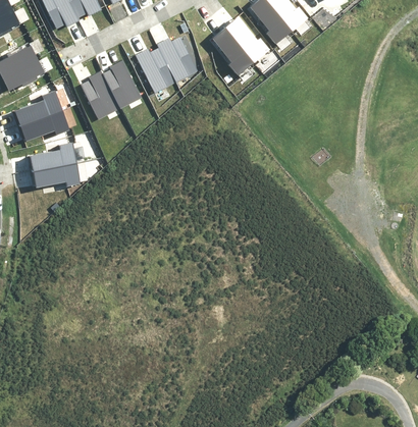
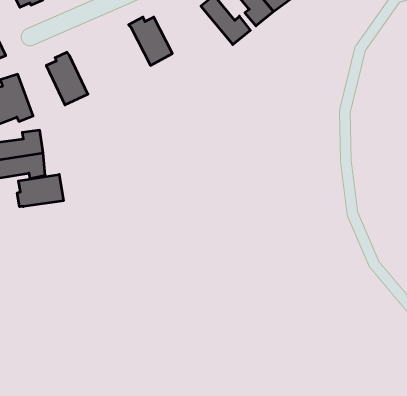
building: [212,26,254,75] -> none
building: [135,46,177,94] -> none
building: [102,59,142,108] -> none
building: none -> [17,174,63,207]

